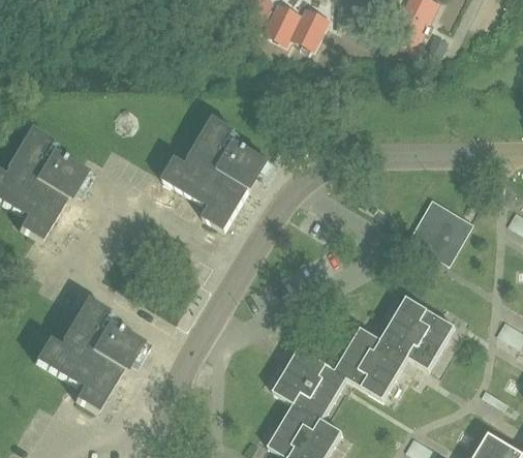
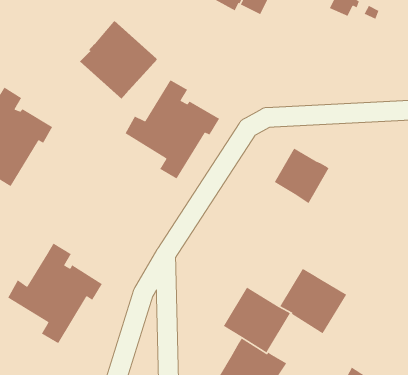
building: none -> [79,20,158,99]
building: [411,201,472,263] -> [274,148,330,204]
building: [381,297,456,369] -> none

